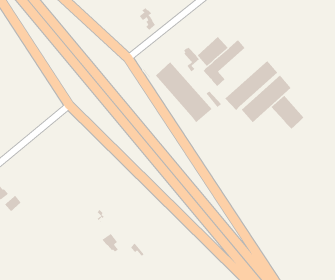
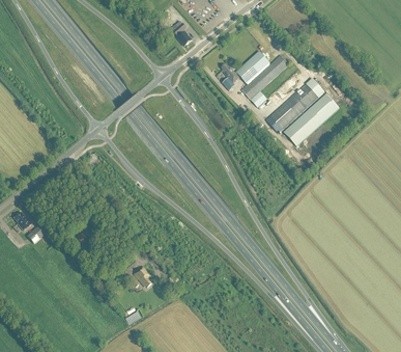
building: [155,62,212,123] -> none
building: [270,95,304,130] -> none

